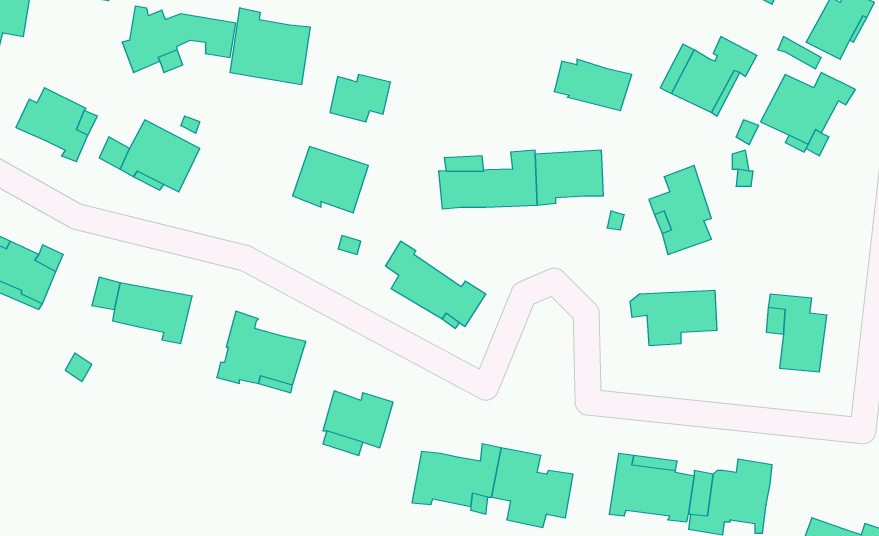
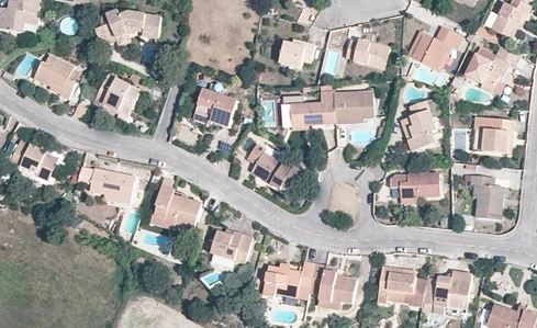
building: [230,8,310,85] -> none
building: [330,75,391,122] -> [279,39,314,67]
building: none -> [472,116,514,154]

